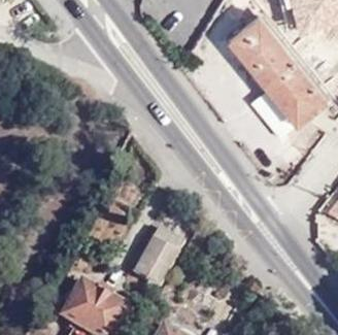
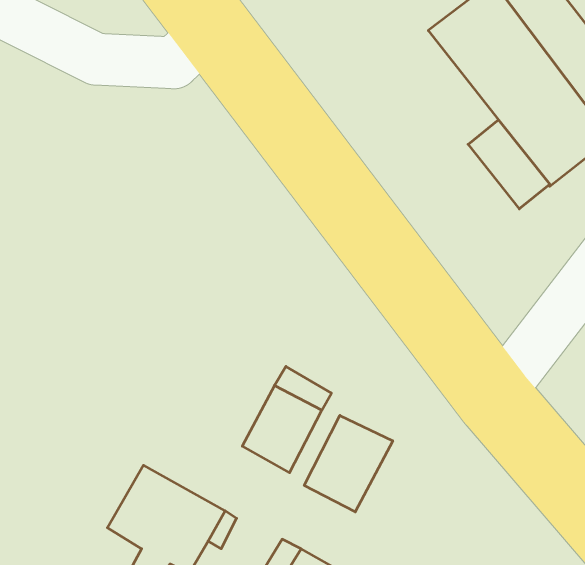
building: none -> [304,415,393,512]

